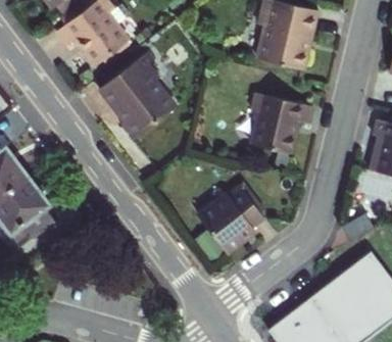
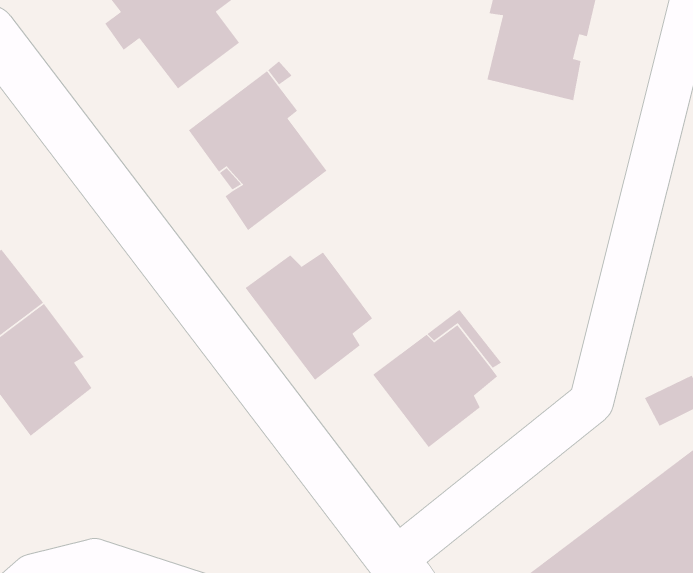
building: [252,94,313,155] -> none
building: none -> [244,252,373,381]

